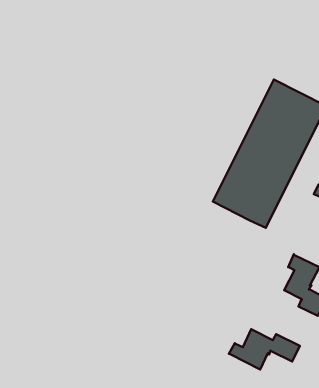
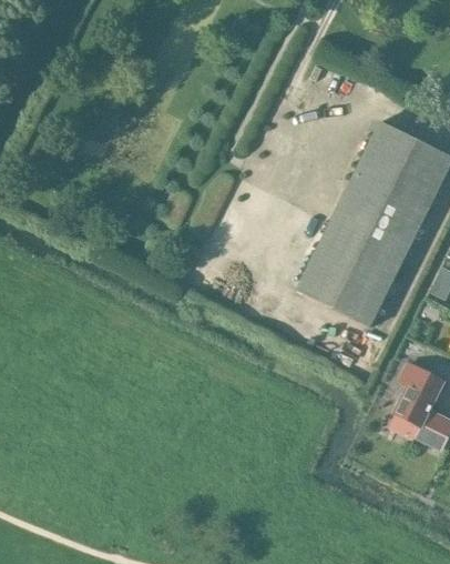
building: [229,329,300,369] -> none

